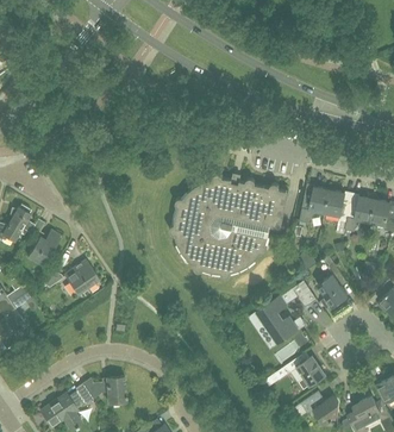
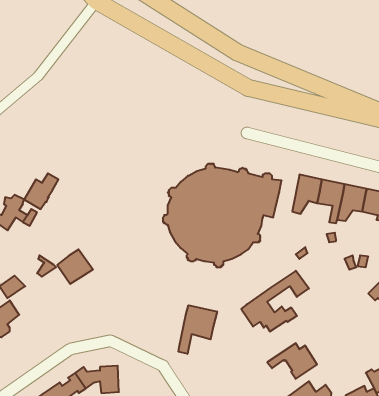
building: [27,230,62,265] -> [24,173,58,209]
building: [318,263,348,306] -> none
building: none -> [179,305,217,354]

